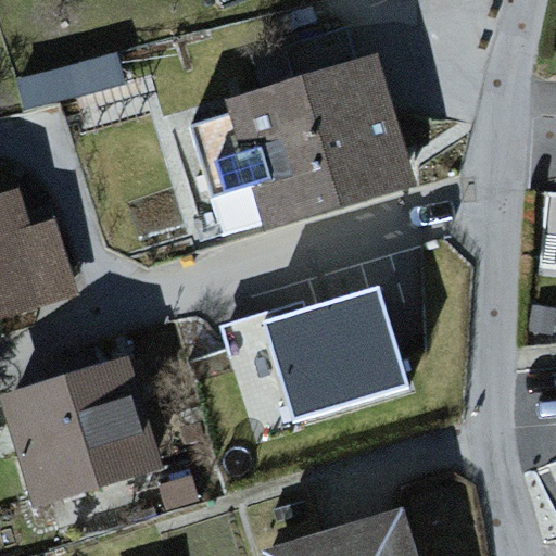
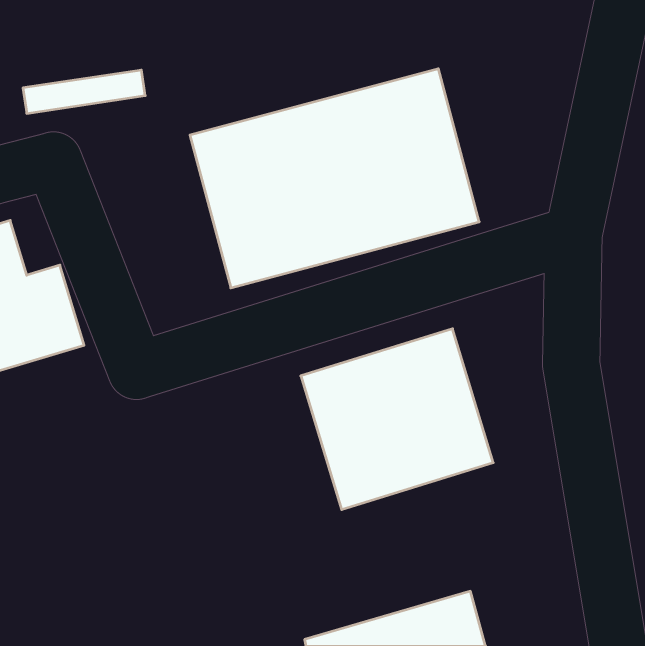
building: [8,356,169,513] -> none

